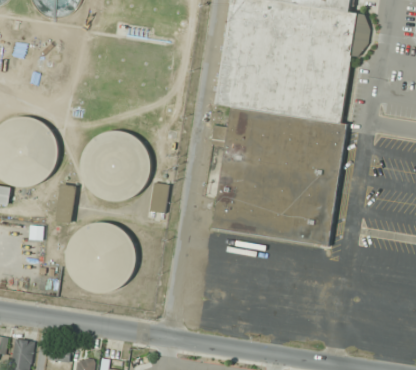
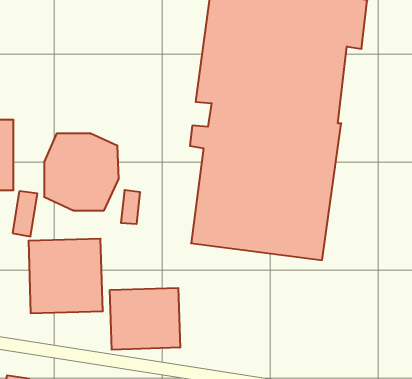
building: none -> [110,288,180,350]

